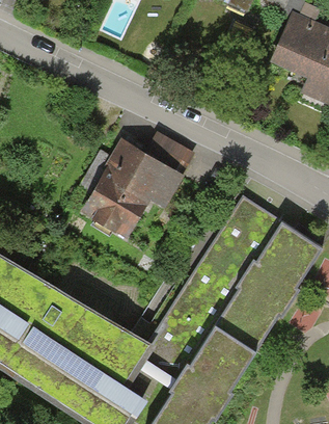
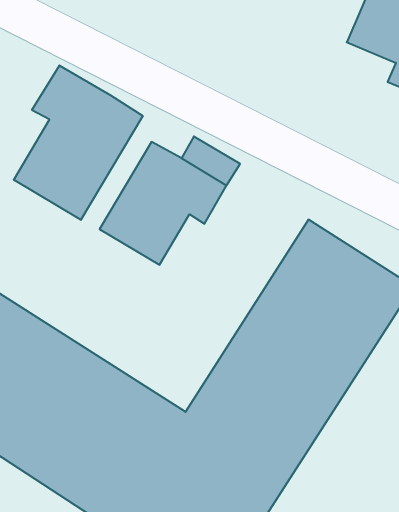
building: none -> [14,65,143,220]

